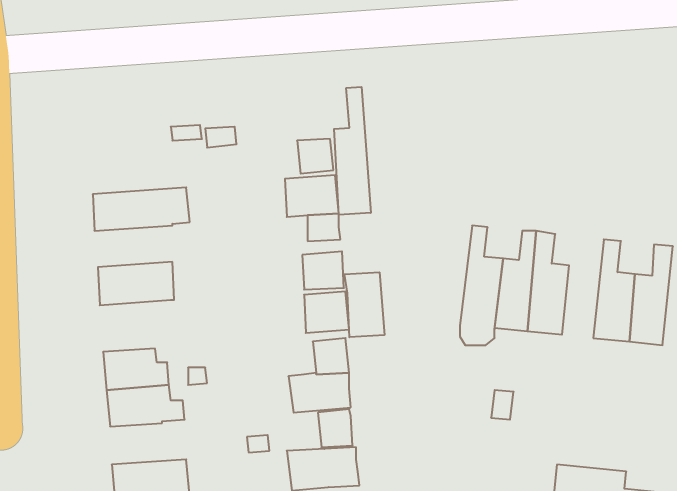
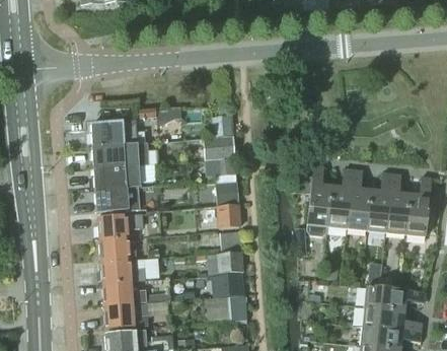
building: [334,87,371,215] -> none
building: none -> [90,122,147,147]
building: none -> [93,165,141,190]
building: none -> [367,172,391,231]
building: [344,272,384,337] -> none
building: none -> [97,213,141,239]
building: none -> [102,281,147,305]
building: none -> [364,285,426,309]

